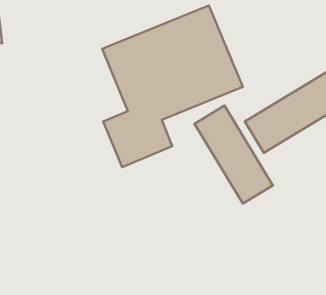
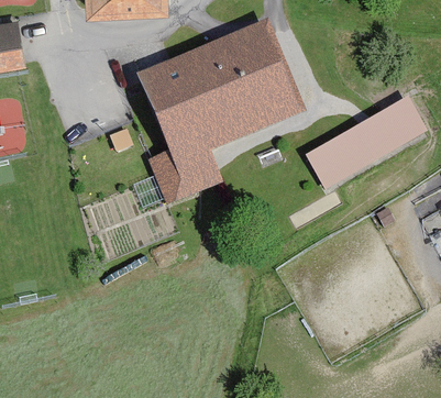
building: [194,106,273,204] -> none

